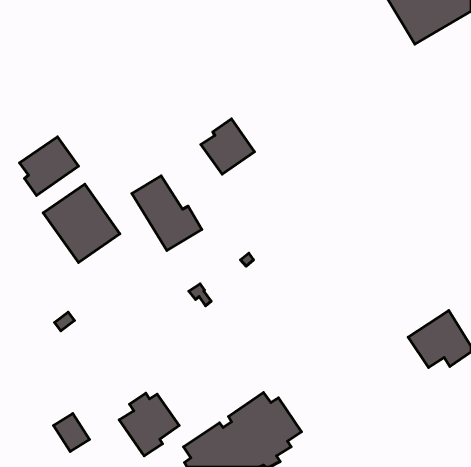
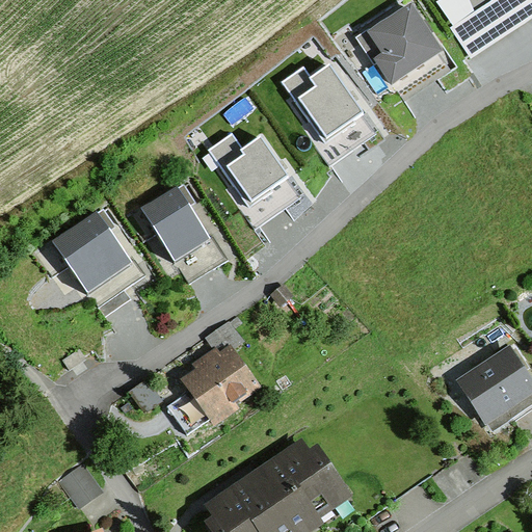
building: none -> [363,5,440,81]
building: none -> [300,62,362,133]
building: [19,137,78,196] -> none
building: [119,393,179,456] -> [184,348,251,419]

